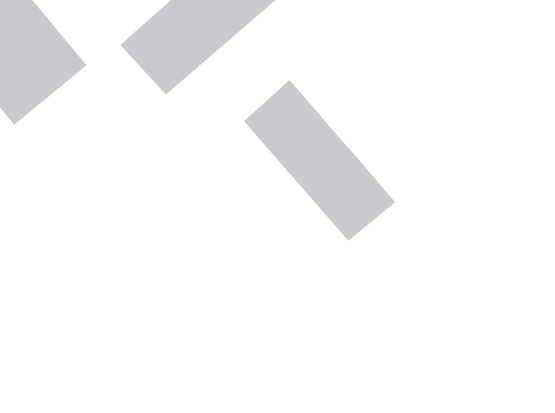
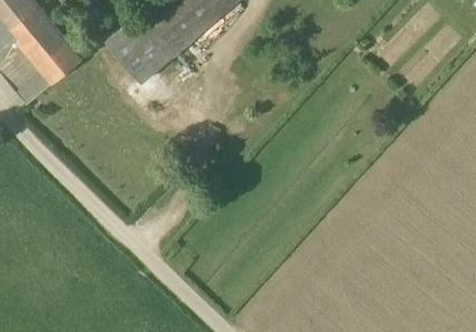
building: [243,79,396,242] -> none

